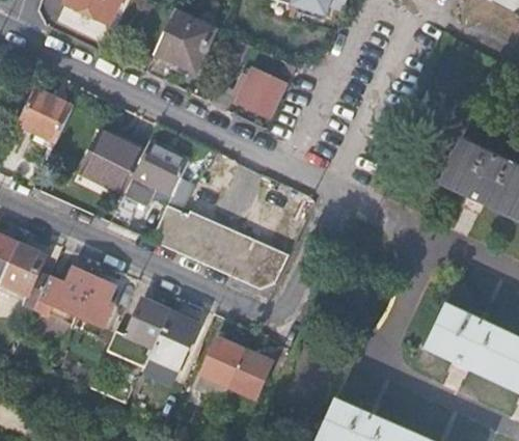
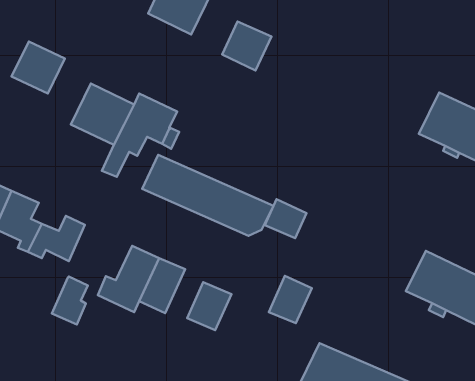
building: none -> [265,199,307,238]
building: [77,276,114,326] -> [52,276,88,324]
building: [228,349,273,397] -> [269,276,312,323]

